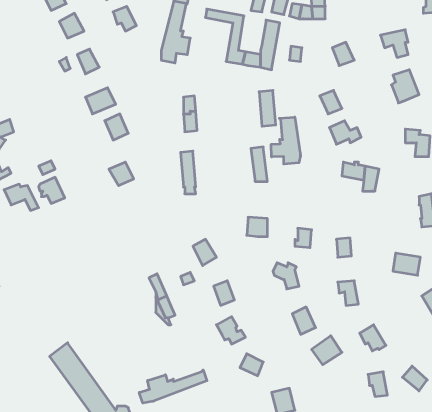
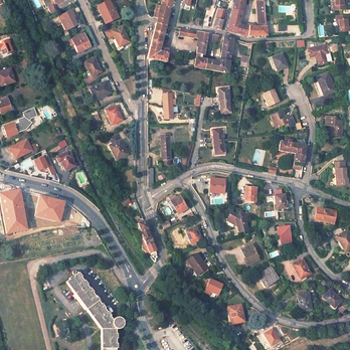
building: [271,117,300,164] -> none
building: none -> [35,195,65,222]
building: [139,370,207,403] -> none

